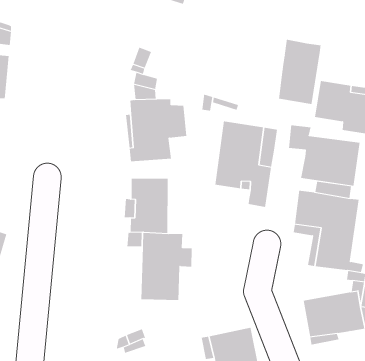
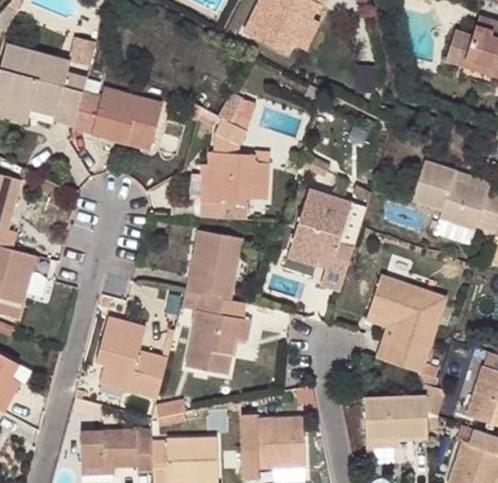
building: [279,39,321,105] -> none
building: none -> [74,87,163,148]
building: [289,124,360,186] -> none
building: none -> [96,316,167,398]

